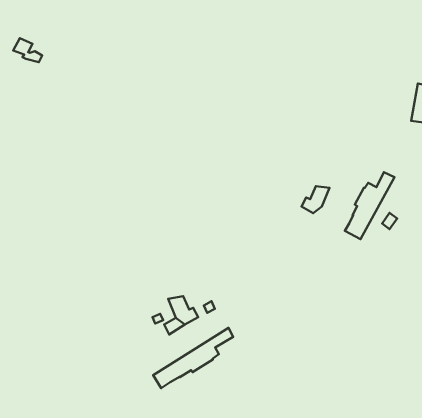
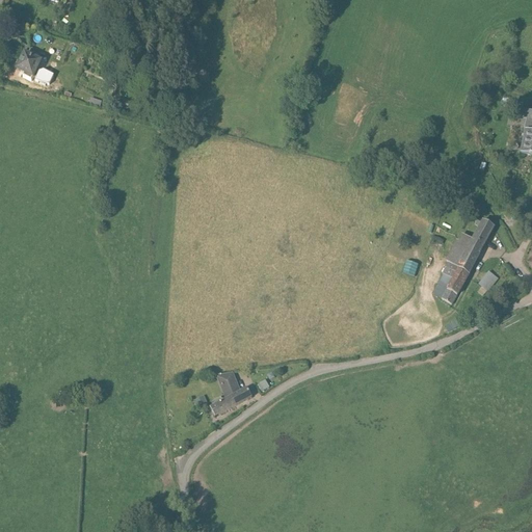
building: [301,186,329,213] -> none
building: [153,328,233,388] -> none

